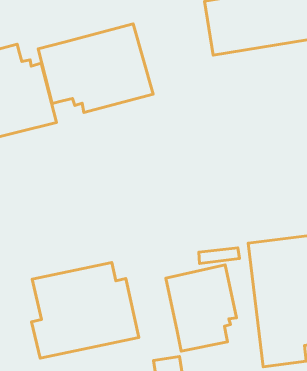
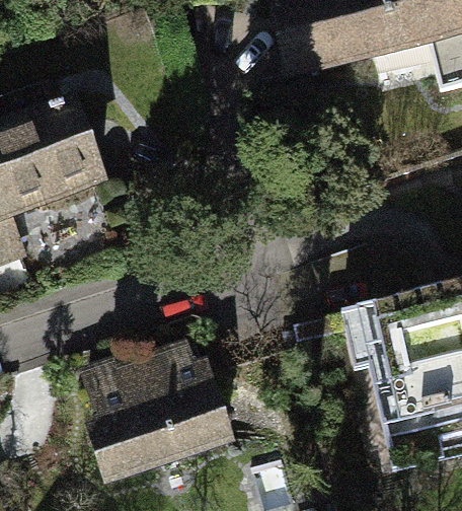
building: [38,24,153,112] -> none
building: [166,265,237,351] -> none

